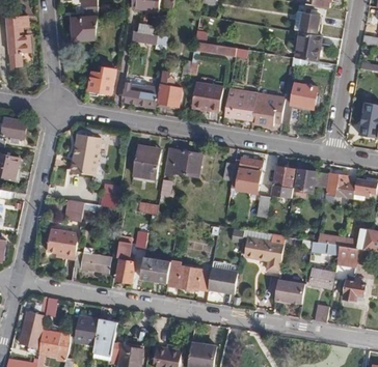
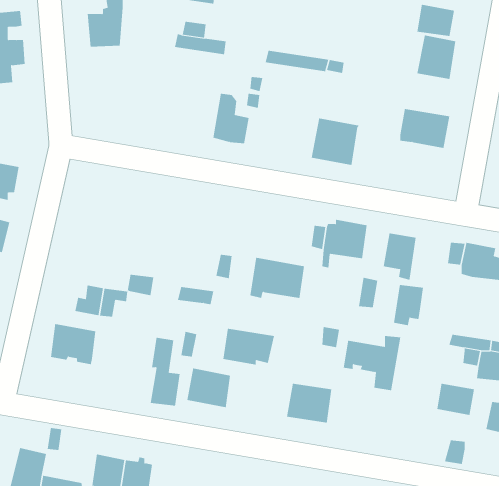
building: [87,66,115,94] -> none
building: [120,79,159,105] -> none
building: [191,82,222,110] -> none
building: [251,93,284,124] -> none
building: [71,133,100,174] -> none
building: [131,144,160,178] -> none
building: [163,147,200,175] -> [250,257,305,299]
building: [294,168,315,196] -> [393,284,424,326]
building: [73,246,110,273] -> none
building: [174,264,210,289] -> [223,328,275,365]
building: [274,278,304,302] -> none

